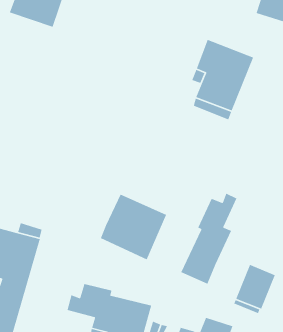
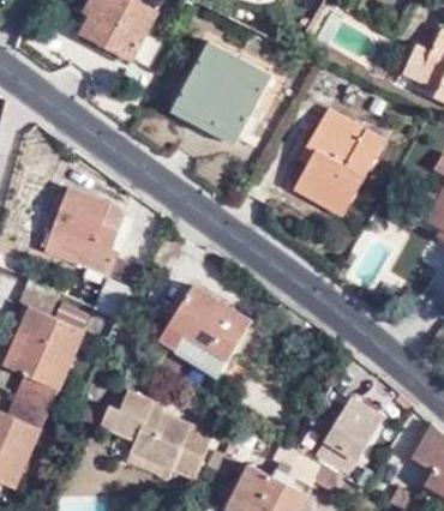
building: none -> [173,40,271,138]
building: none -> [43,185,132,317]
building: [180,192,238,285] -> none

